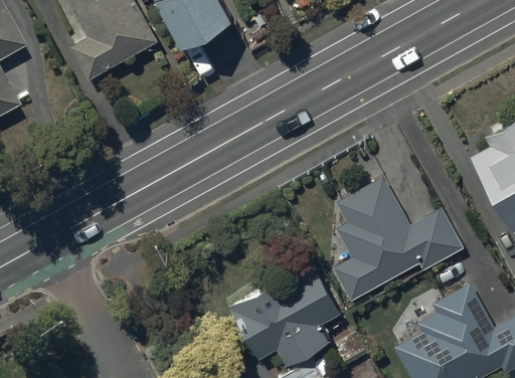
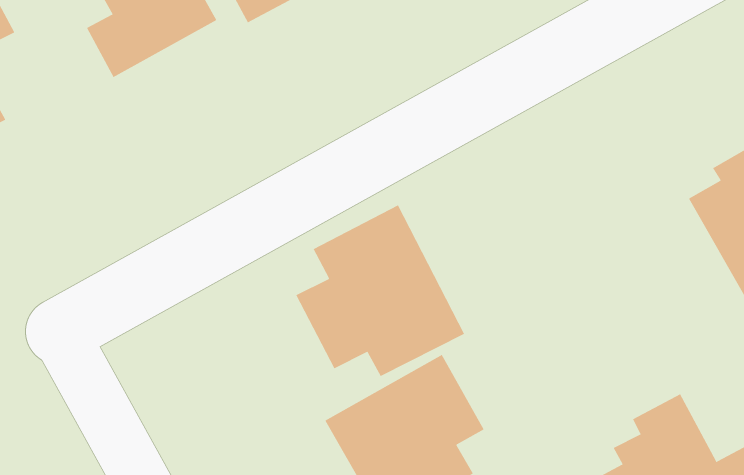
building: none -> [296,204,465,377]
building: [334,180,459,295] -> none

